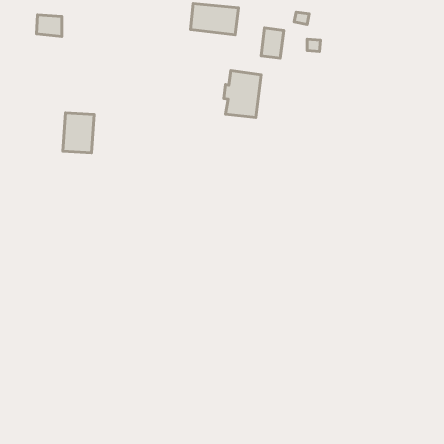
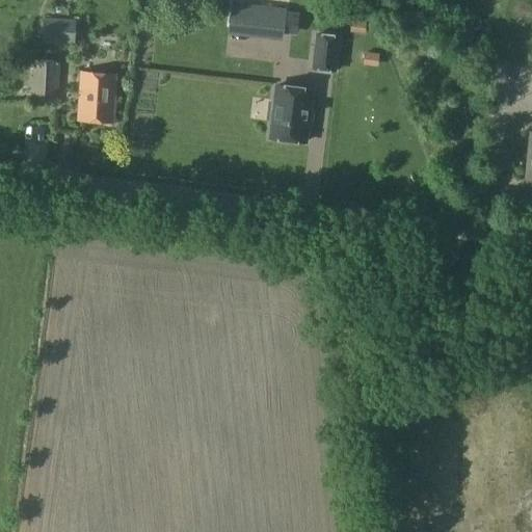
building: none -> [34,61,57,102]
building: [63,113,94,153] -> [79,73,116,121]

